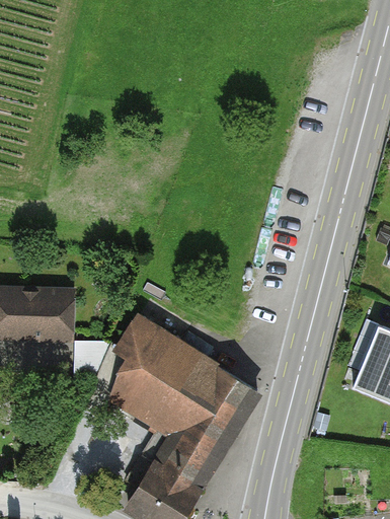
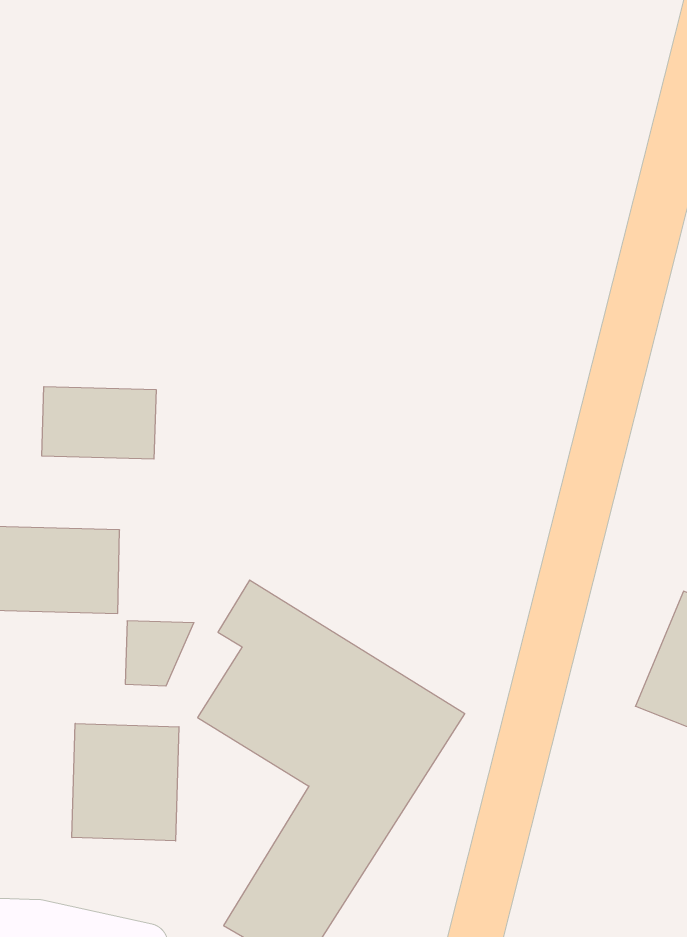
building: none -> [42,387,156,459]
building: none -> [72,723,179,841]

